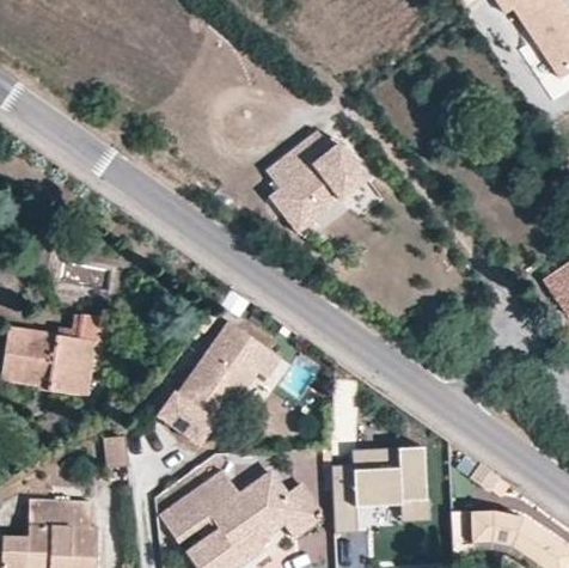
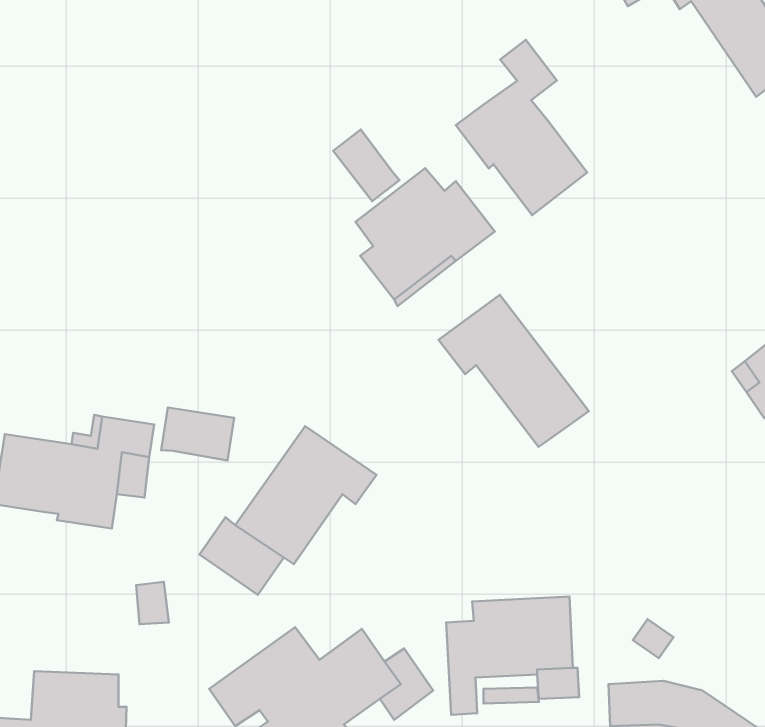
building: none -> [456,40,587,215]
building: none -> [333,130,400,201]
building: none -> [438,295,589,447]
building: none -> [161,407,234,460]

